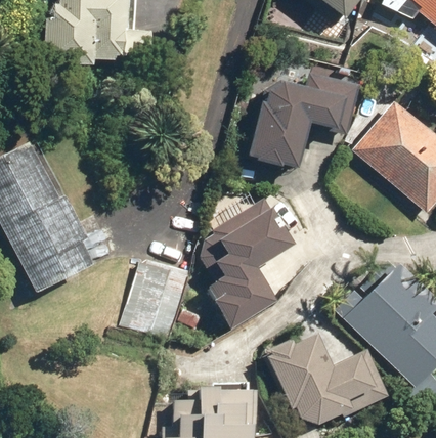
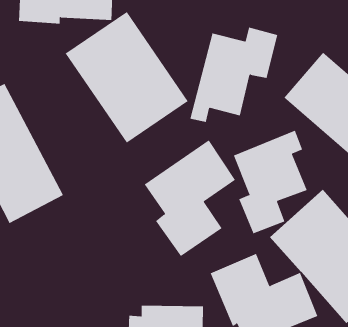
building: none -> [65,11,188,143]
building: none -> [233,130,308,234]
building: [118,258,189,342] -> none

